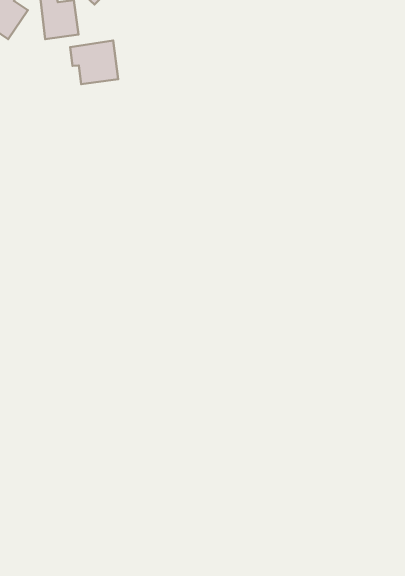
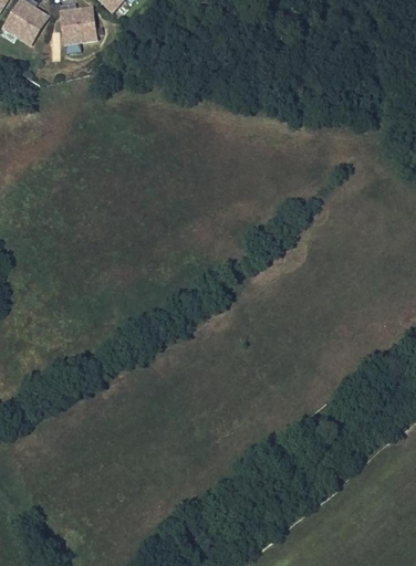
building: [70,41,118,84] -> none

